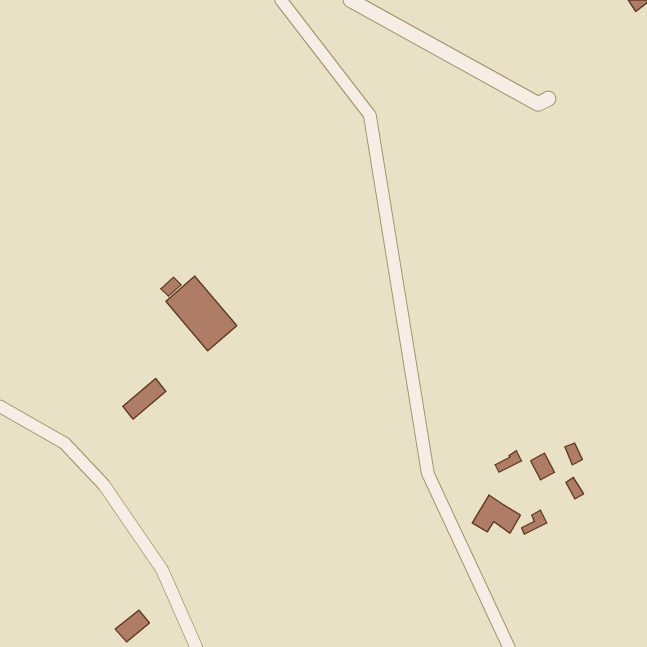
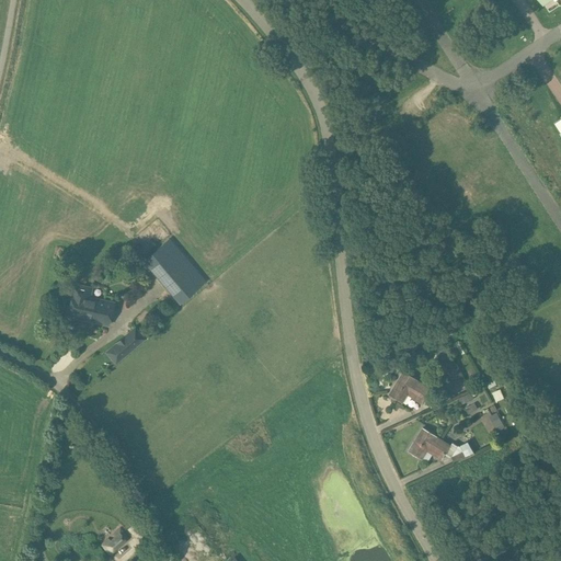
building: none -> [67,283,113,324]
building: none -> [389,373,431,404]

